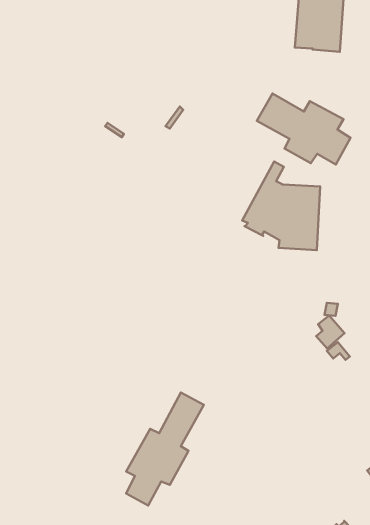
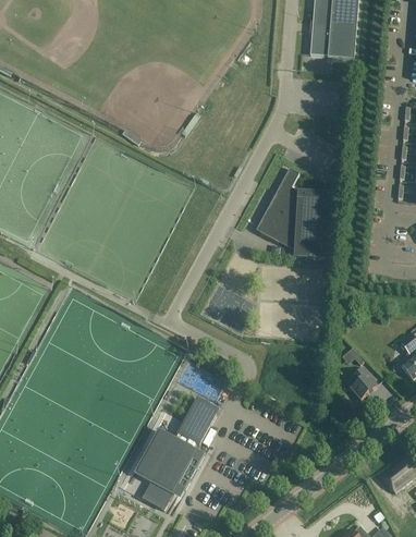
building: [257,93,351,165] -> none
building: [316,315,345,348] -> [350,366,378,399]

